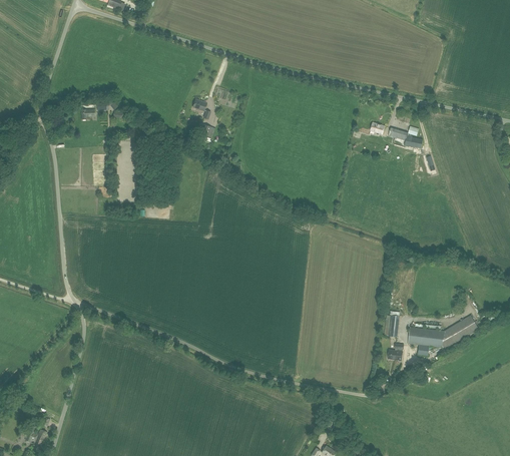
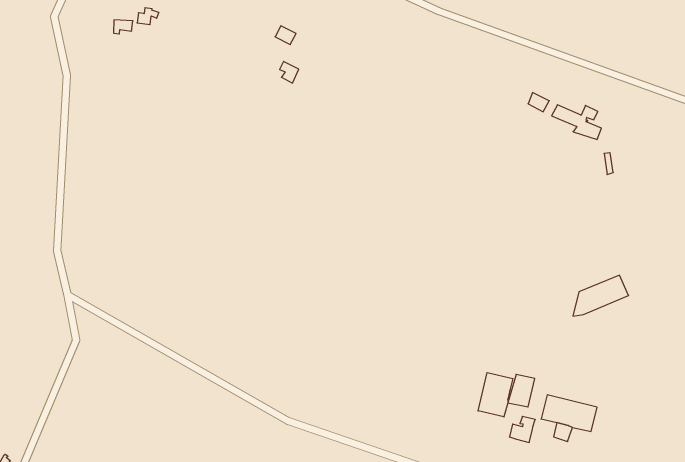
building: [443,314,479,346] -> [573,275,629,316]
building: none -> [478,373,513,417]

